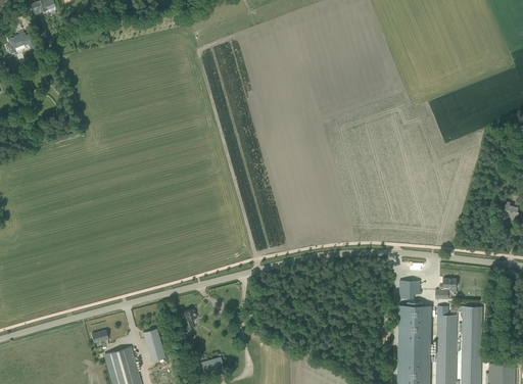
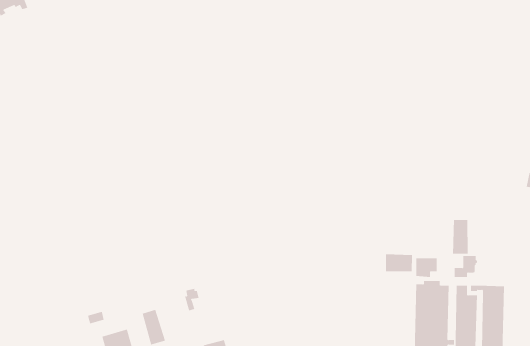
building: none -> [453,219,468,255]
building: none -> [386,254,412,272]

